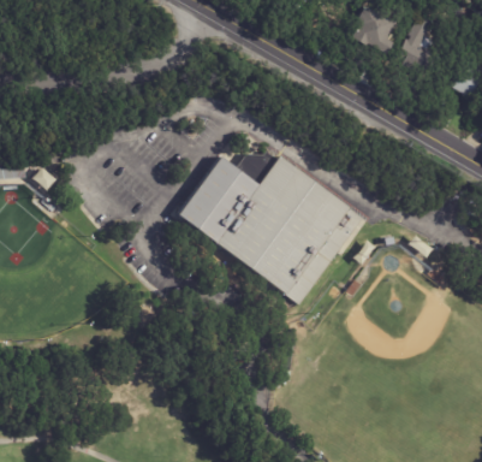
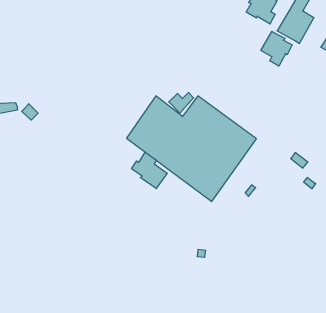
building: none -> [261,31,292,66]
building: none -> [132,152,167,189]

